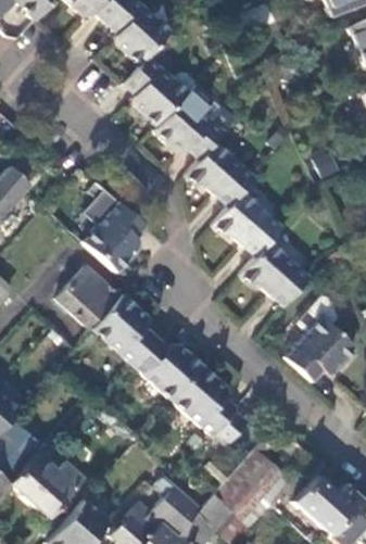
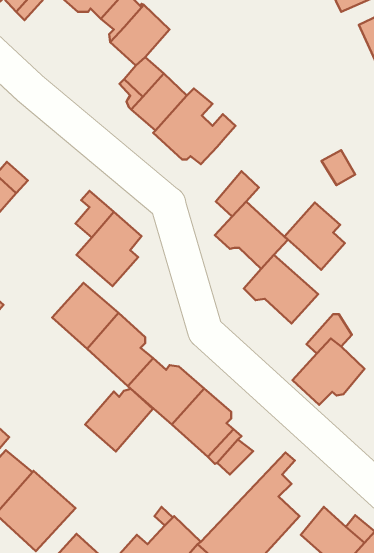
building: [185,140,237,191] -> none
building: none -> [284,202,345,270]
building: none -> [85,389,153,451]

